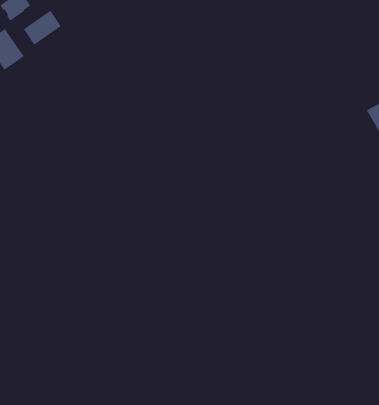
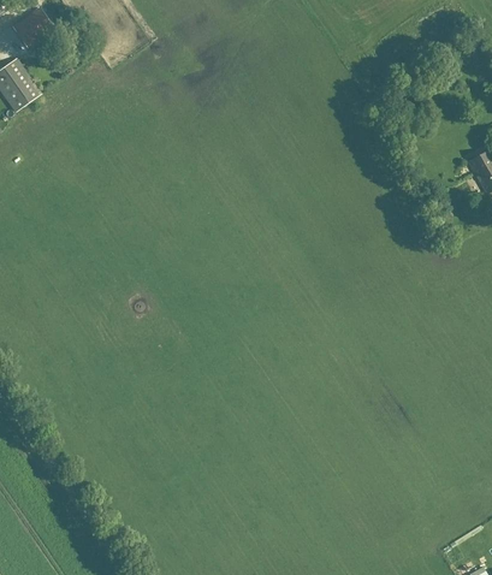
building: [23,10,62,46] -> none

